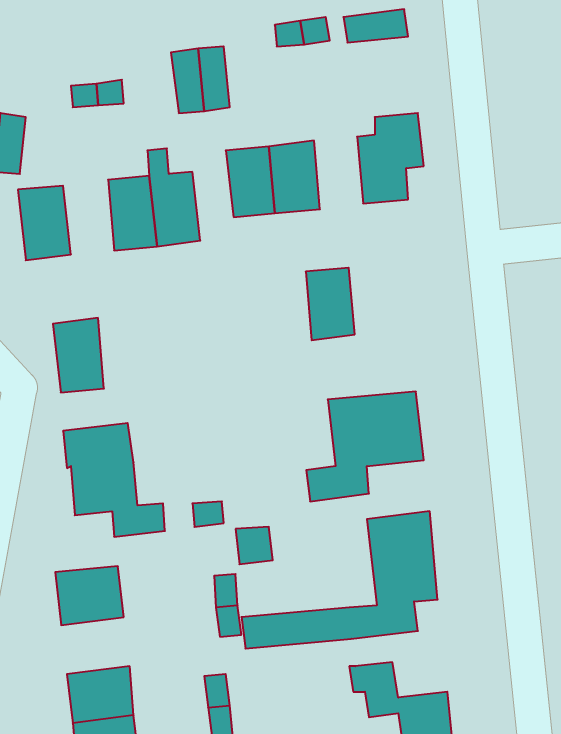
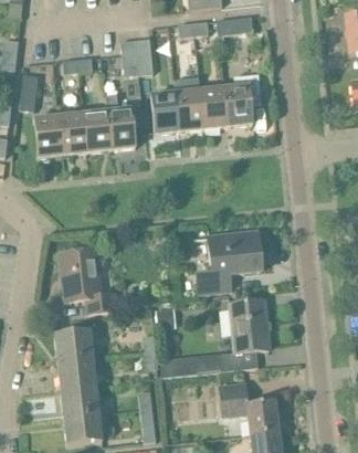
building: [306,268,355,340] -> [199,87,227,128]
building: [53,318,104,392] -> [57,112,86,154]
building: none -> [56,358,95,390]

